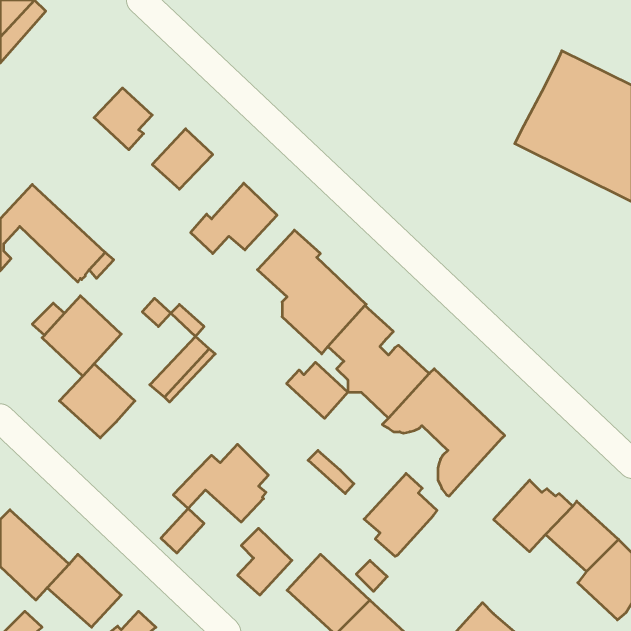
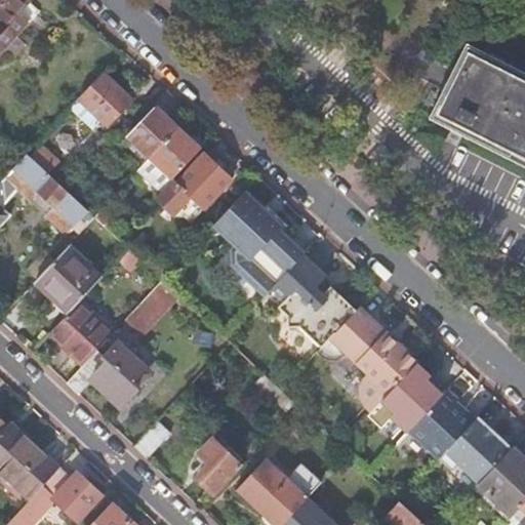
building: none -> [142,129,200,188]
building: [287,362,348,418] -> none
building: [173,444,268,522] -> [66,341,145,406]
building: [364,473,437,556] -> [382,364,443,433]

